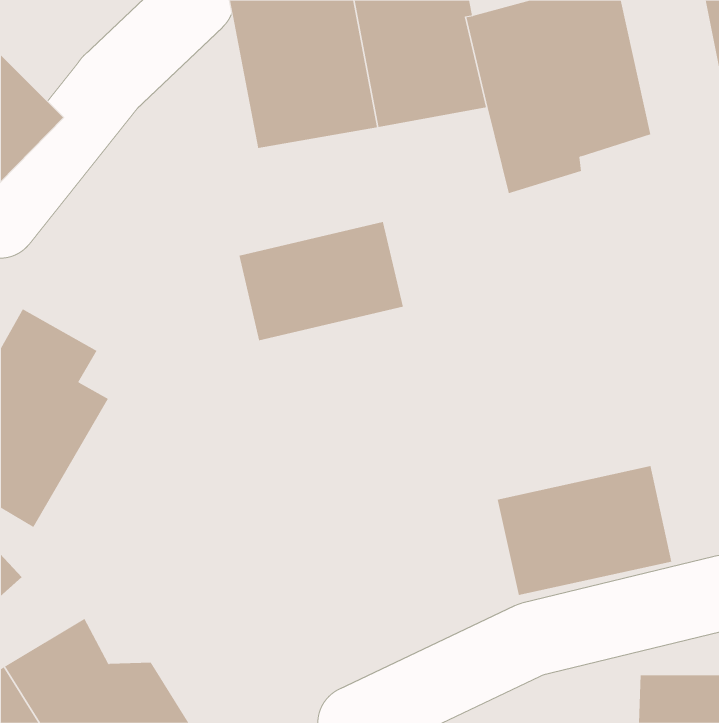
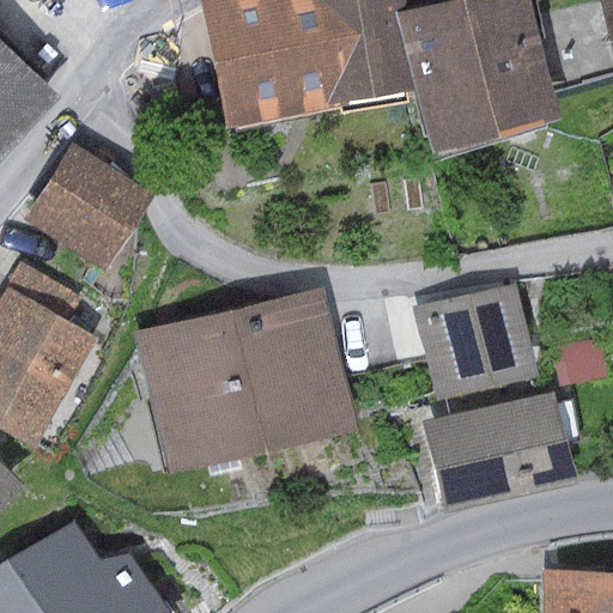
building: none -> [24,142,152,269]
building: [239,221,404,341] -> none
building: none -> [417,285,535,396]
building: none -> [133,287,354,474]

